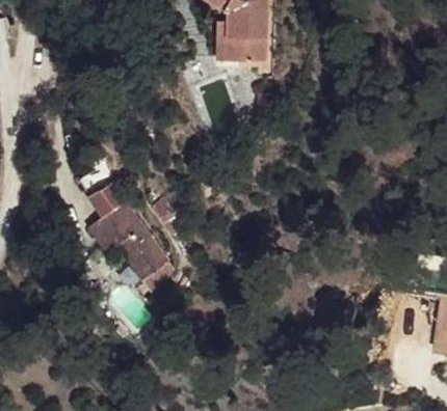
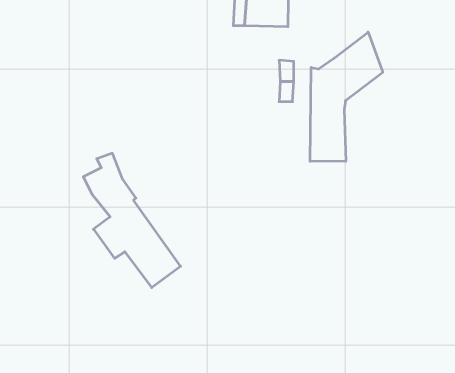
building: none -> [310,32,383,161]

